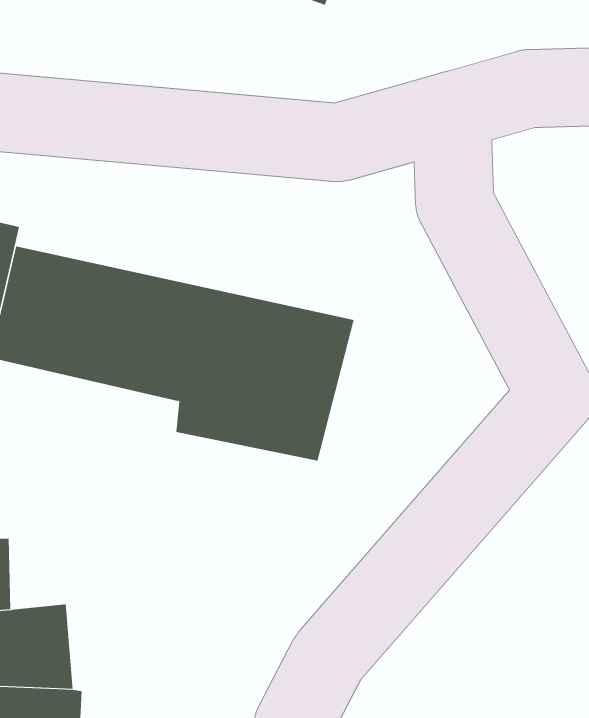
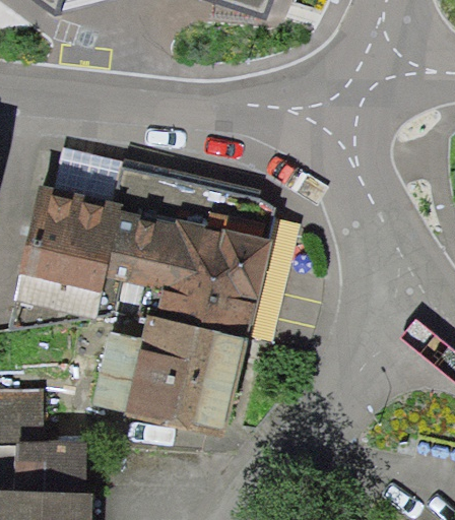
building: none -> [128,316,247,432]

